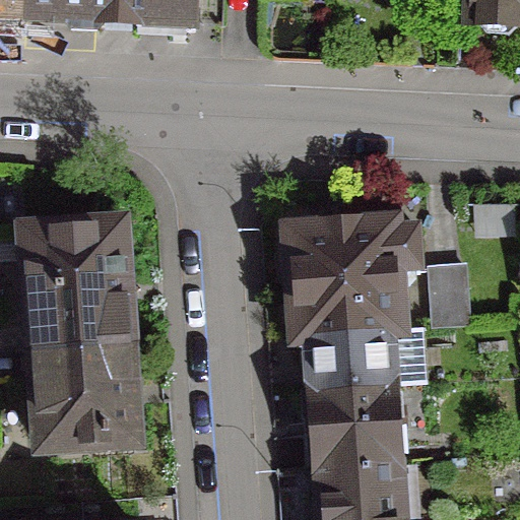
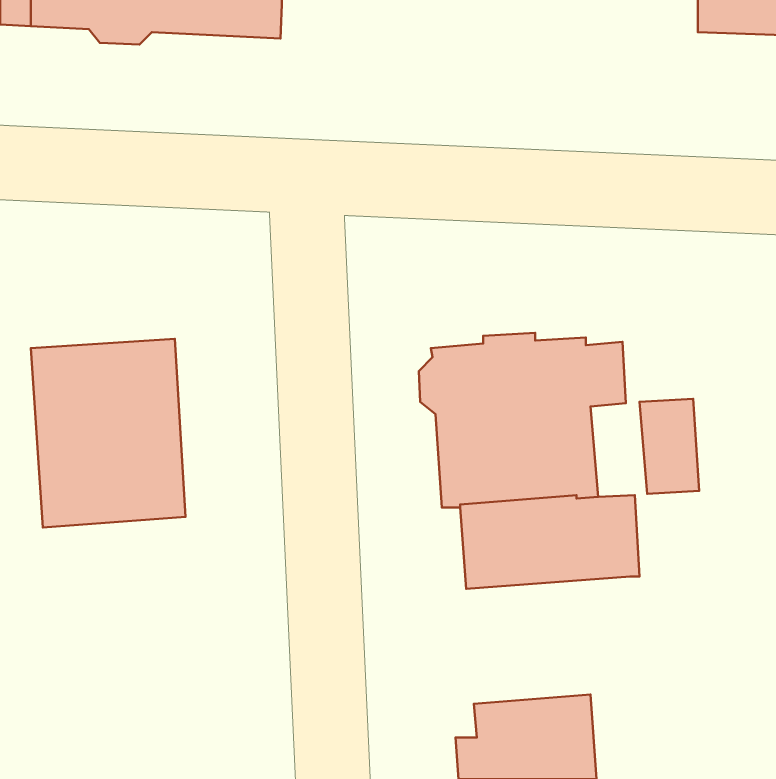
building: [34,342,136,447] -> none
building: [302,382,427,466] -> none

